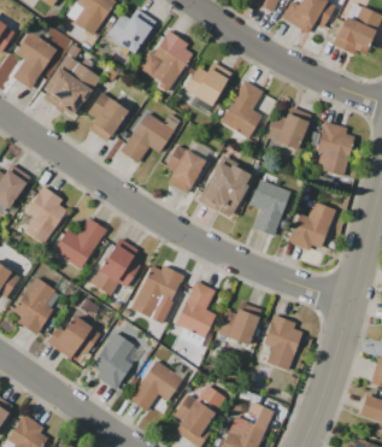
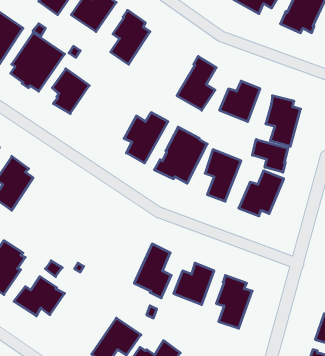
building: [184,61,230,106] -> none
building: [121,112,180,163] -> none
building: none -> [252,139,288,172]
building: [53,219,105,270] -> none
building: [89,239,140,295] -> none
building: [130,265,184,323] -> none
building: [92,333,134,390] -> none

